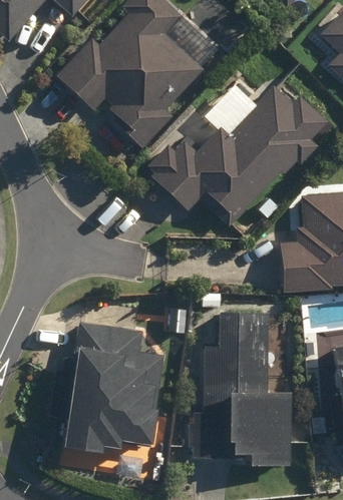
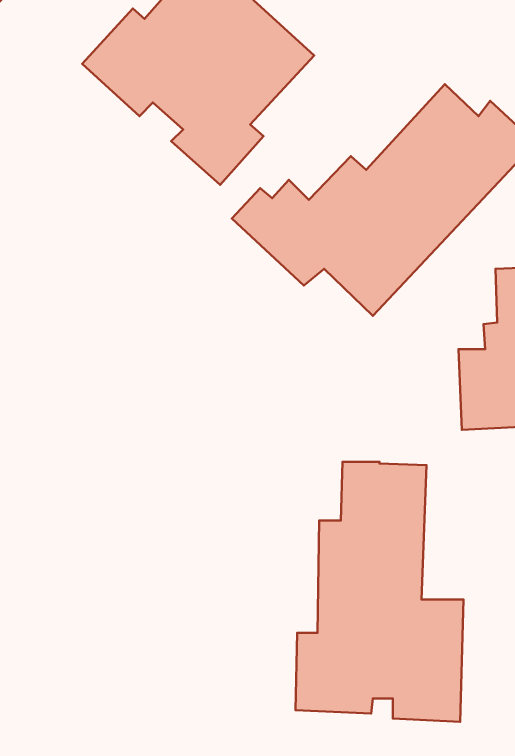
building: [52,325,165,450] -> none

